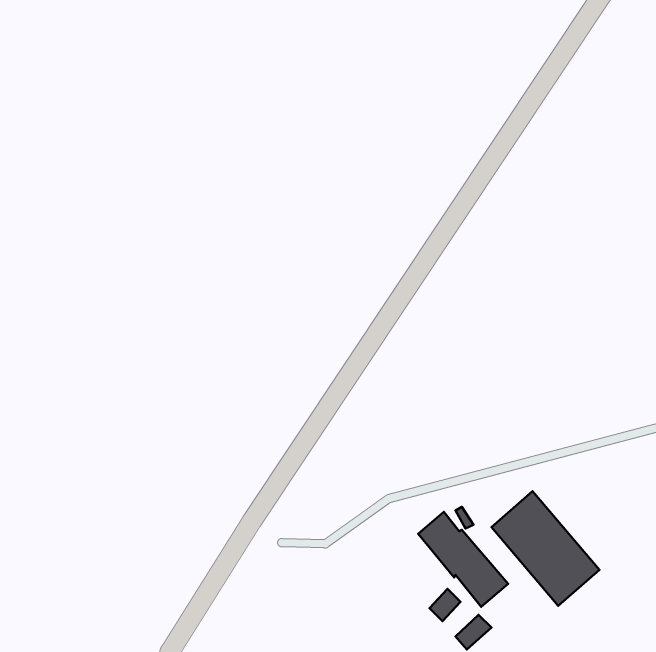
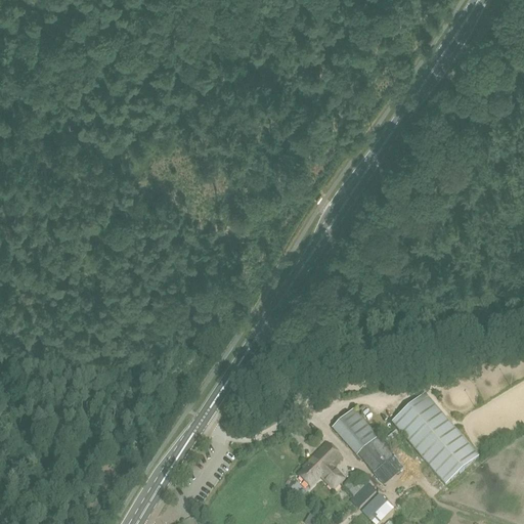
building: none -> [297,441,344,488]

